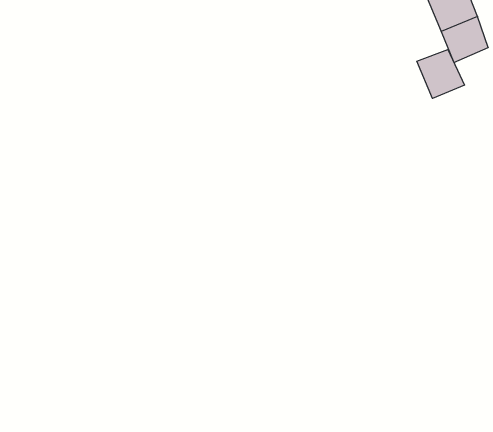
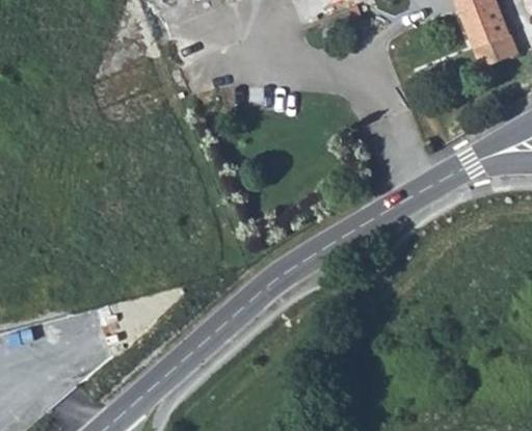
building: [417,49,465,98] -> none

